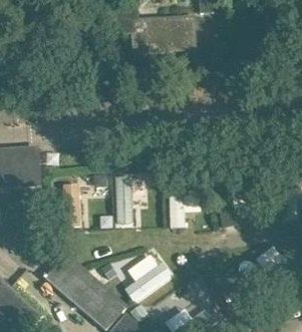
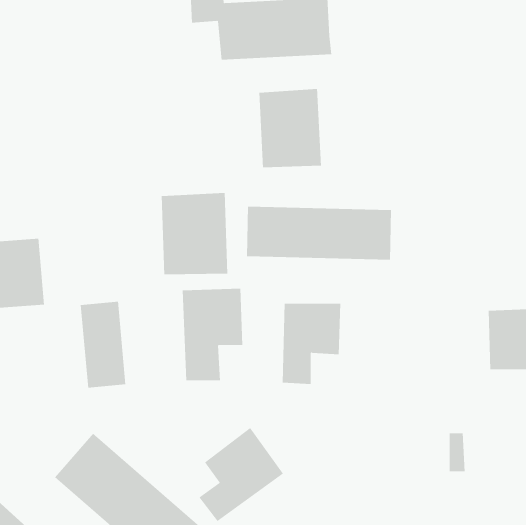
building: none -> [259,88,321,168]
building: none -> [161,192,228,275]
building: none -> [246,206,391,260]

